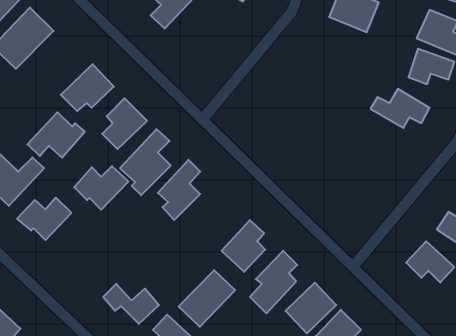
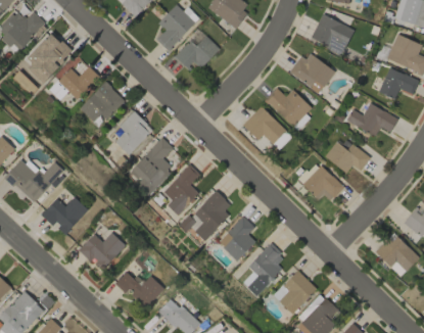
building: none -> [175,35,220,68]
building: none -> [290,50,335,93]
building: none -> [54,54,99,99]
building: none -> [265,87,312,127]
building: none -> [243,106,292,149]
building: [27,112,85,158] -> none
building: none -> [325,141,370,172]
building: none -> [302,165,343,200]
building: [74,166,129,210] -> [79,232,126,270]
building: [179,270,235,327] -> [185,190,234,239]

